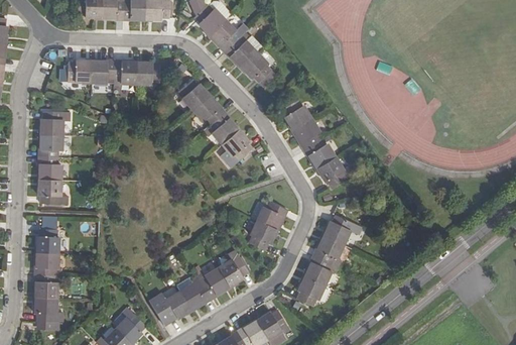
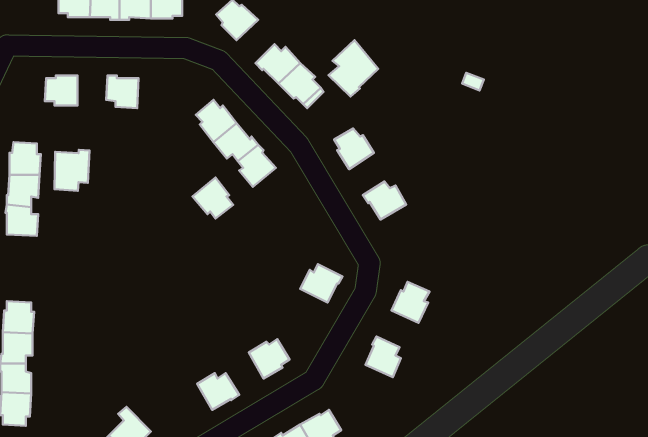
building: [209,19,237,51] -> none
building: none -> [328,40,378,96]
building: [91,60,113,84] -> none
building: [135,63,159,85] -> none
building: none -> [55,150,90,191]
building: [292,118,319,149] -> none
building: [221,129,251,159] -> [193,178,233,218]
building: [315,156,345,187] -> none
building: [38,179,60,203] -> none
building: [247,219,276,249] -> none
building: [312,235,344,262] -> none
building: [201,266,229,298] -> none
building: [296,275,325,305] -> none
building: [160,290,190,319] -> none

